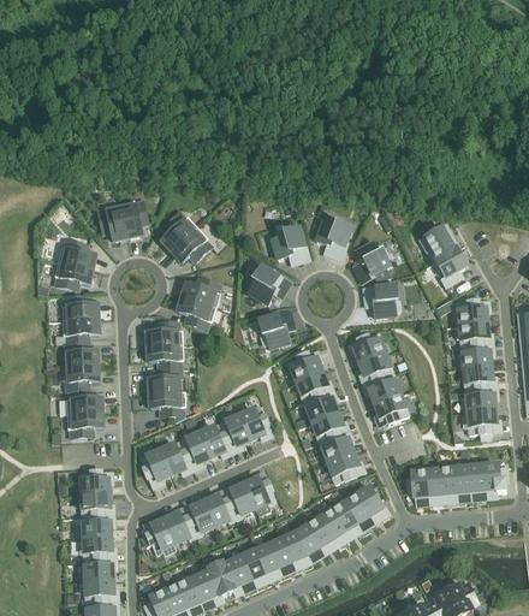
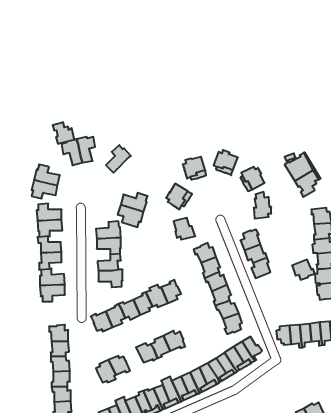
building: none -> [53,122,74,144]
building: [172,225,212,260] -> none
building: [376,392,409,421] -> [292,260,315,280]
building: [186,500,215,534] -> none

